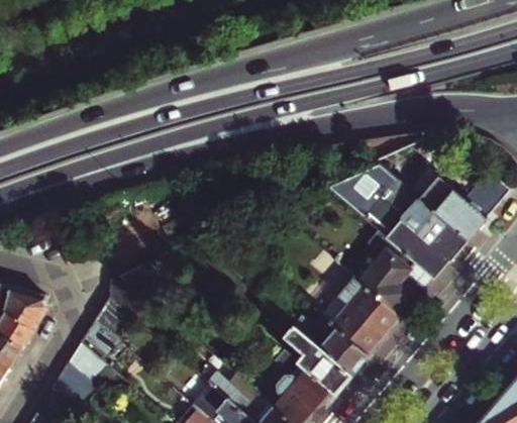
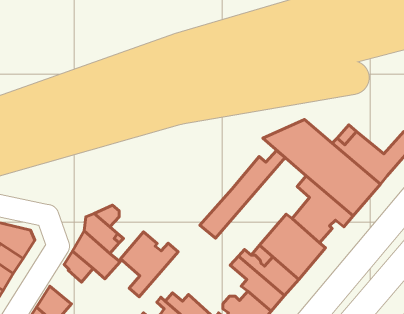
building: none -> [200,150,285,238]
building: none -> [121,232,178,297]
building: [68,343,107,384] -> none

